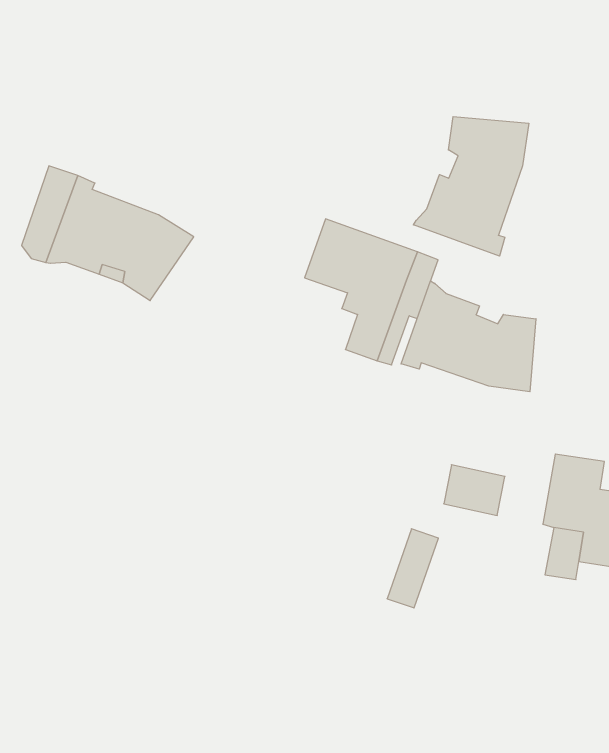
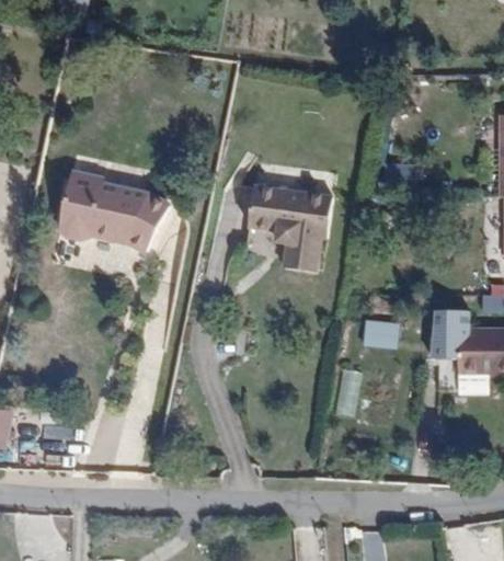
building: [413,117,529,256] -> none
building: [401,281,536,392] -> none

